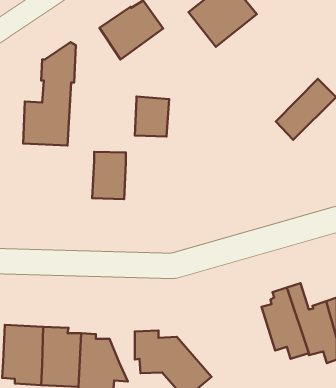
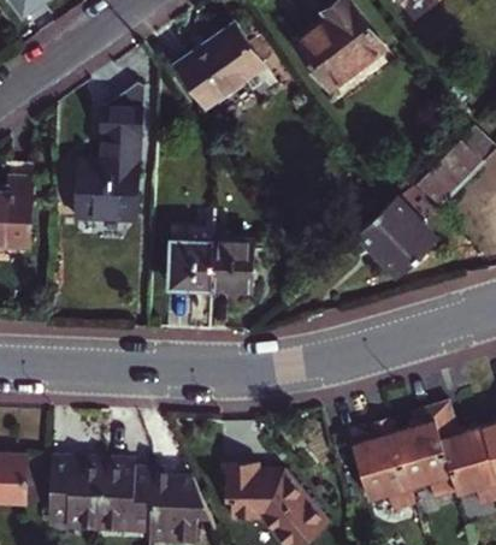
building: [135,96,169,137] -> [211,238,256,291]
building: none -> [356,201,436,279]
building: none -> [350,416,414,509]

